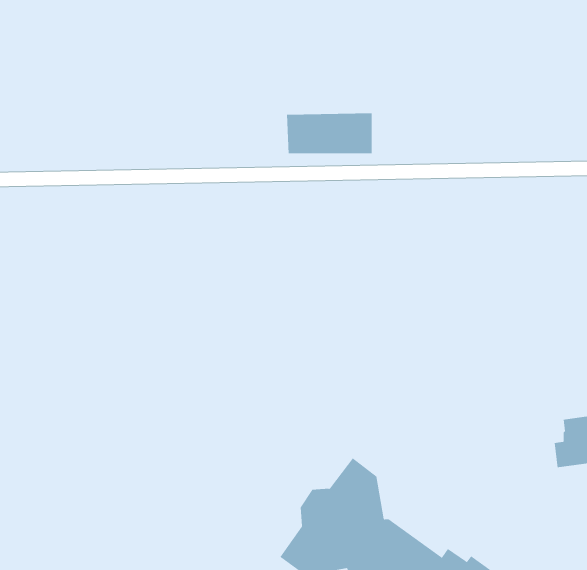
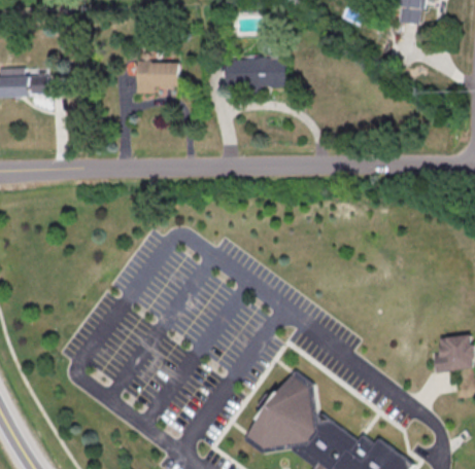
building: none -> [134,61,178,94]
building: [286,113,372,154] -> [223,58,283,86]

